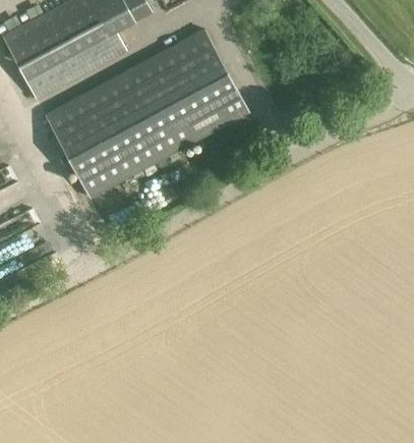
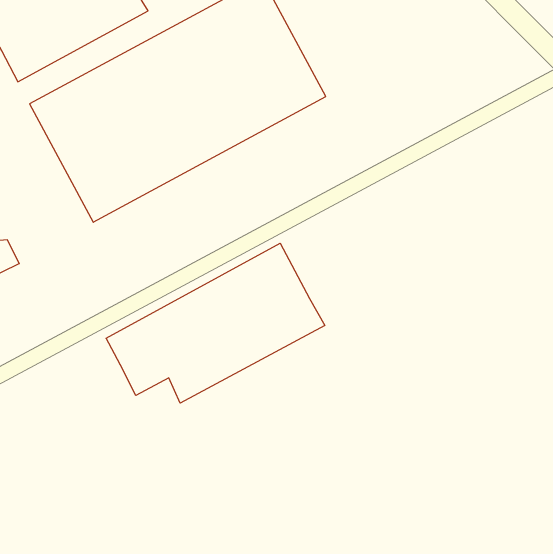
building: none -> [106,243,325,403]

